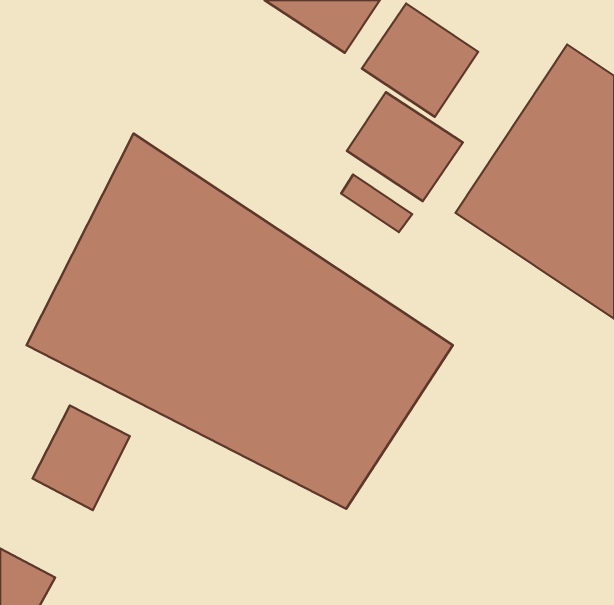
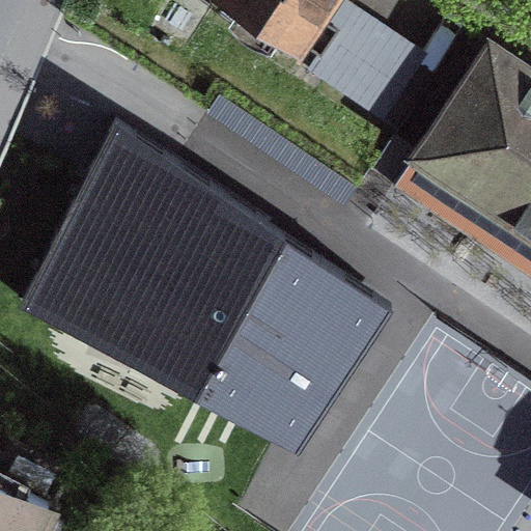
building: [347,92,463,201] -> none
building: [33,406,130,510] -> none

